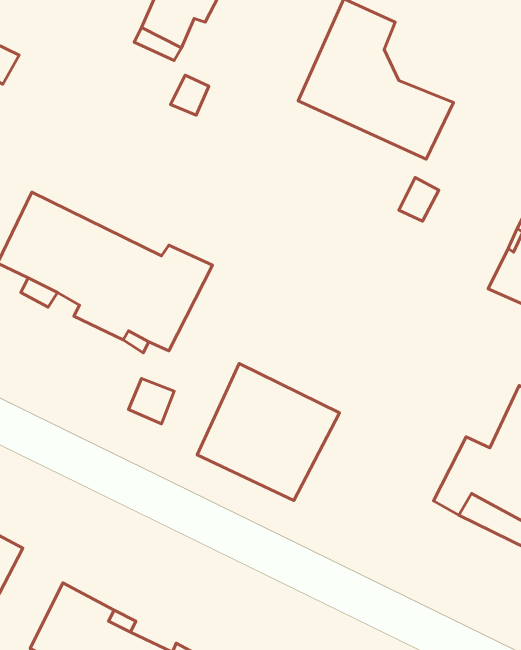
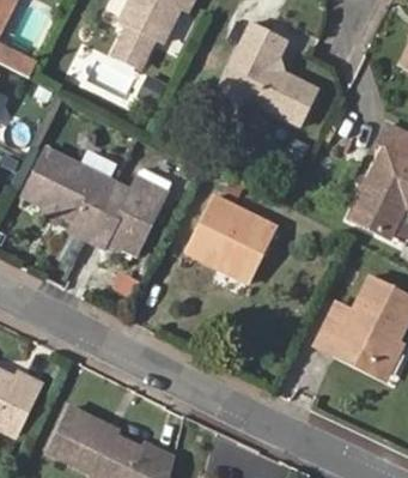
building: [197,364,340,501] -> [184,193,278,283]

